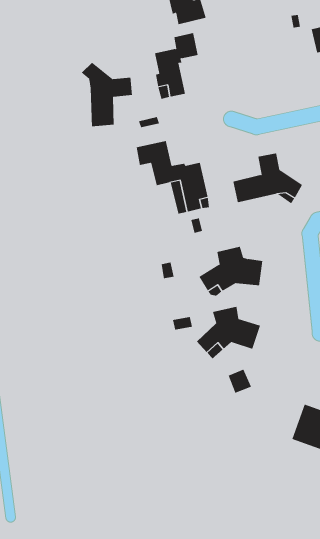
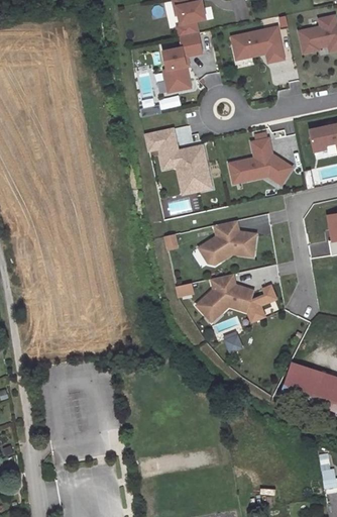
building: none -> [230,24,283,60]
building: [81,62,133,127] -> none
building: none -> [247,285,275,322]

